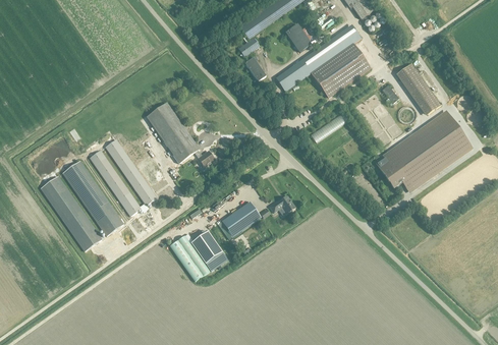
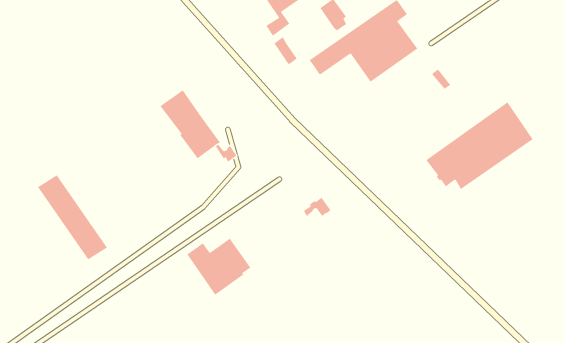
building: [398,62,442,114] -> none
building: [91,139,157,216] -> none
building: [63,161,124,235] -> none
building: [219,202,261,239] -> none

